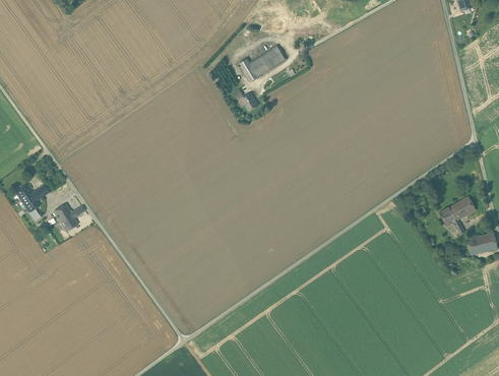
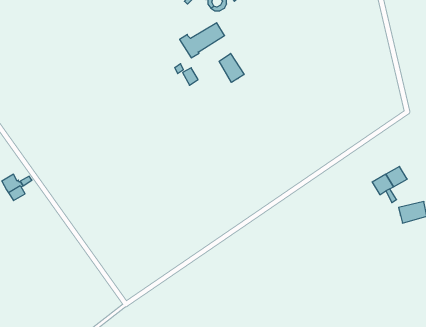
building: none -> [219,53,244,82]

